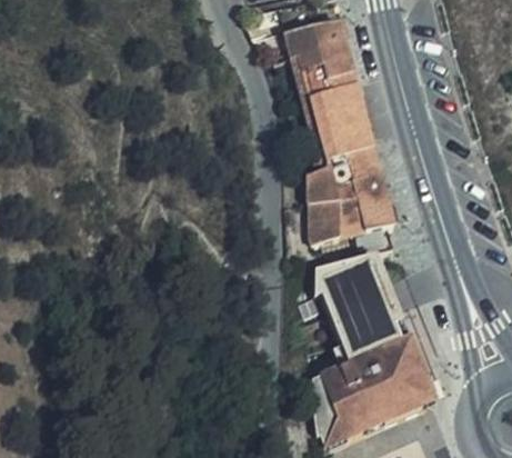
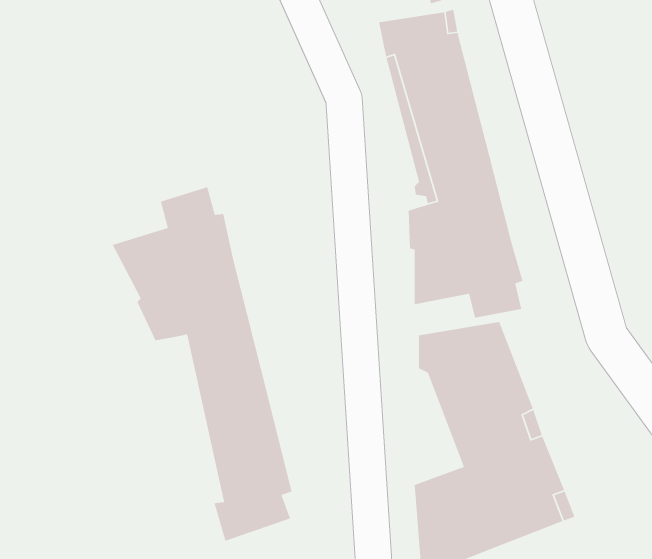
building: none -> [111,186,293,542]

